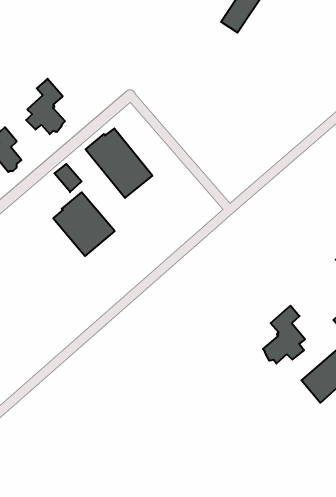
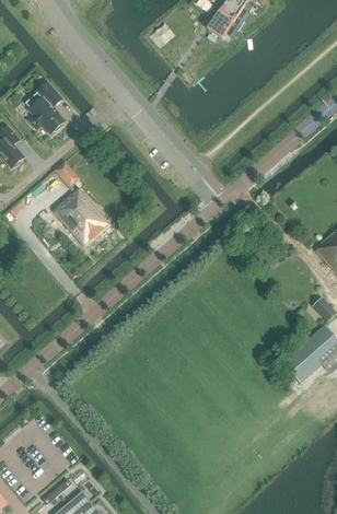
building: [86,128,152,198] -> none
building: [263,306,305,364] -> none

